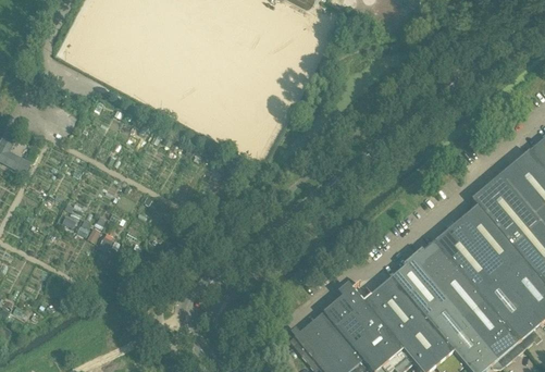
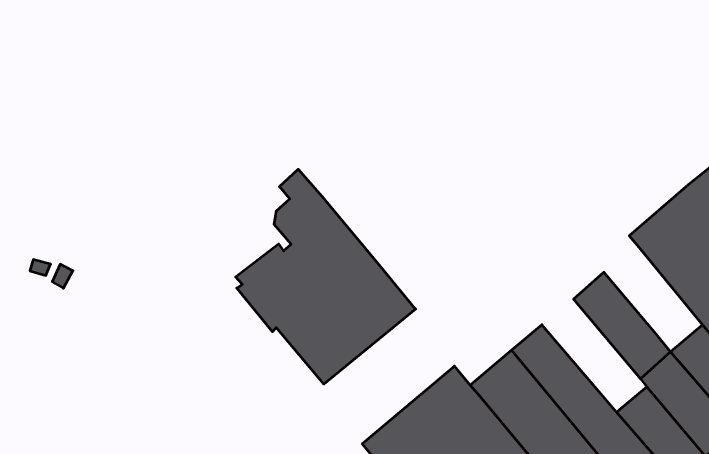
building: none -> [236,169,416,384]
building: [455,203,522,276] -> none
building: [412,240,484,318] -> none

